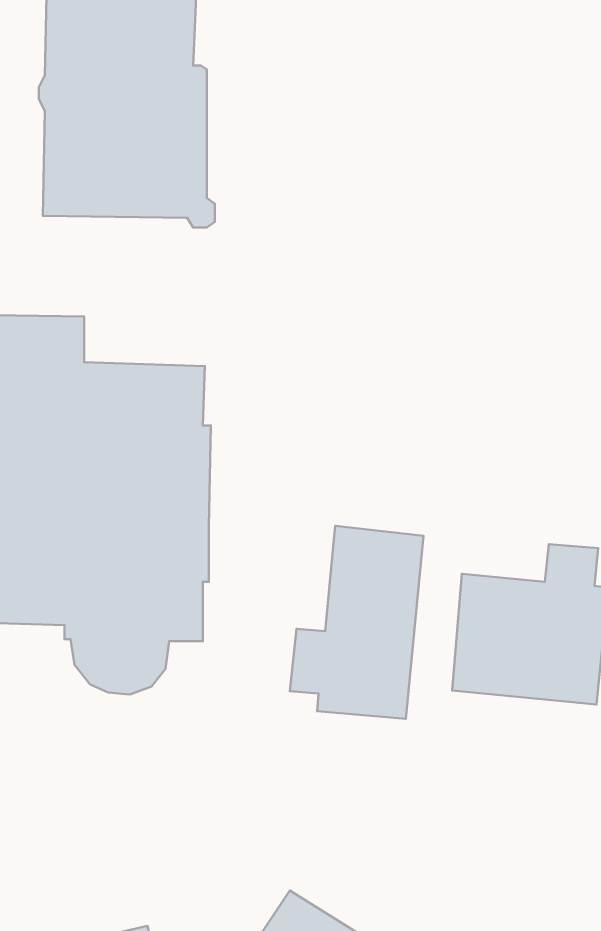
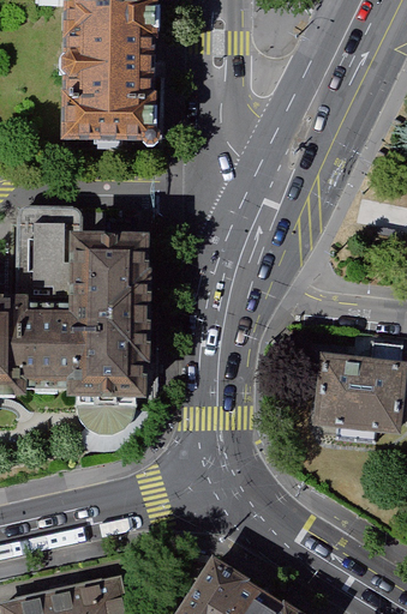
building: [290,526,424,719] -> none

